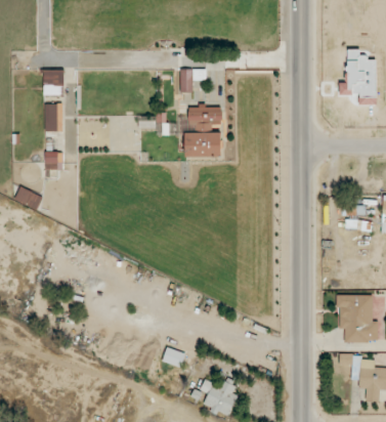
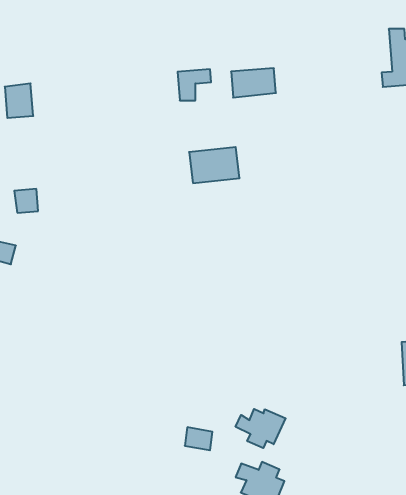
building: [45,104,62,132] -> none
building: [188,107,222,127] -> [231,68,276,98]
building: none -> [236,409,286,448]

